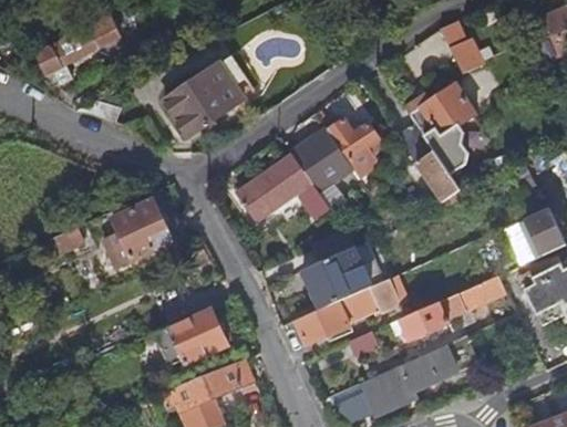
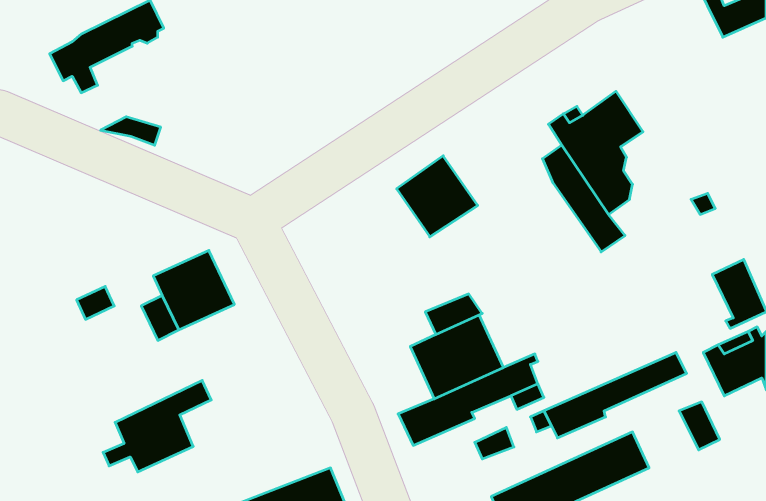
building: [439,24,483,74] -> none
building: [163,54,256,137] -> none
building: [327,119,381,177] -> none
building: [236,155,331,223] -> none
building: [161,296,240,364] -> [103,380,211,472]

